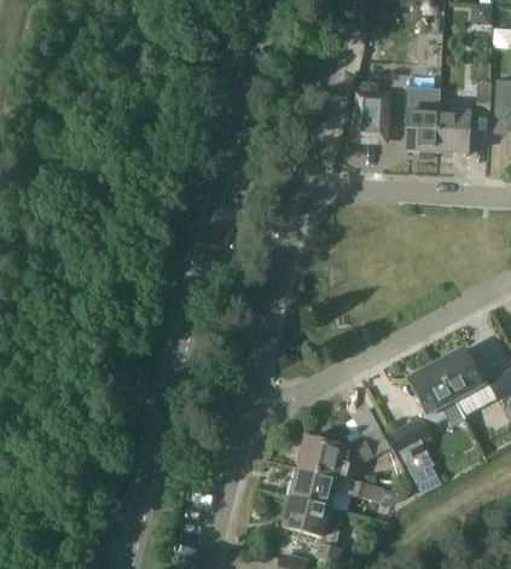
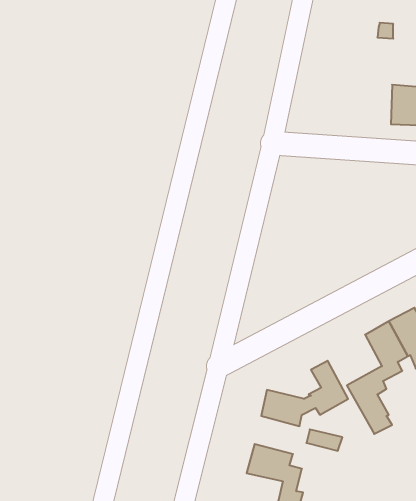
building: [406,87,440,151] -> none
building: [356,93,388,139] -> none
building: [291,464,339,505] -> none

